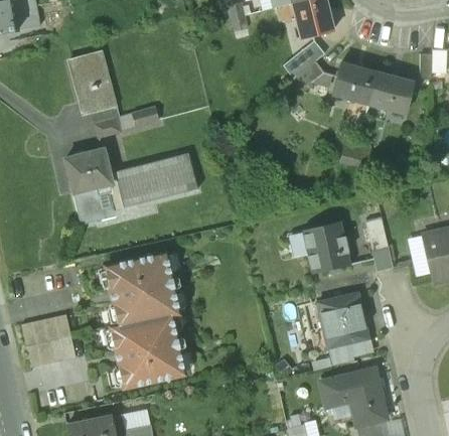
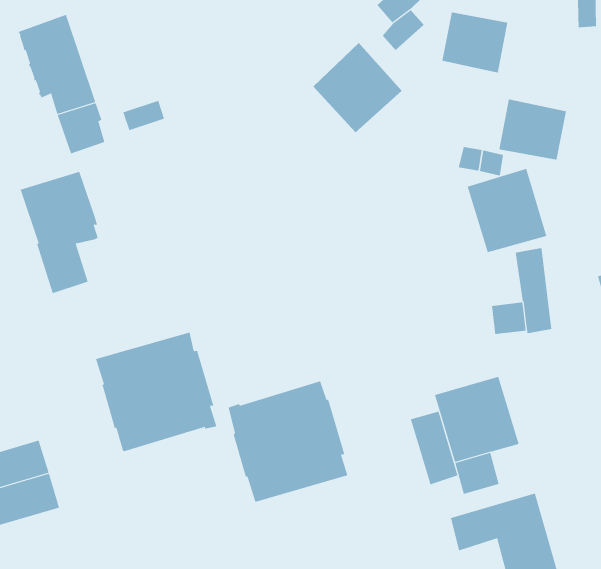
building: [368,74,413,114] -> [499,99,567,160]
building: none -> [313,42,402,133]
building: [110,154,196,209] -> none
building: [301,221,349,272] -> [467,168,547,253]
building: none -> [410,411,458,485]
building: [111,314,183,388] -> [228,380,348,502]

